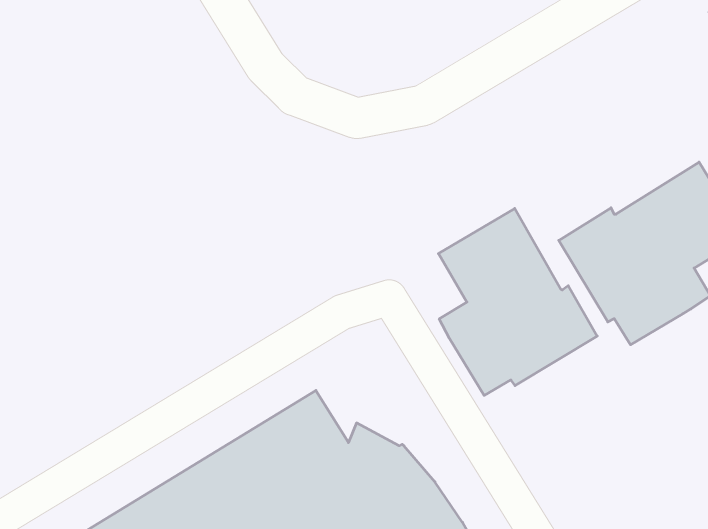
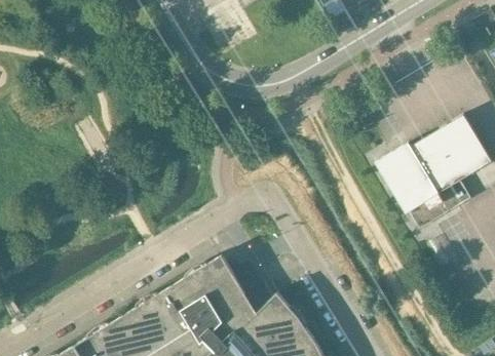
building: [438,208,597,395] -> none

